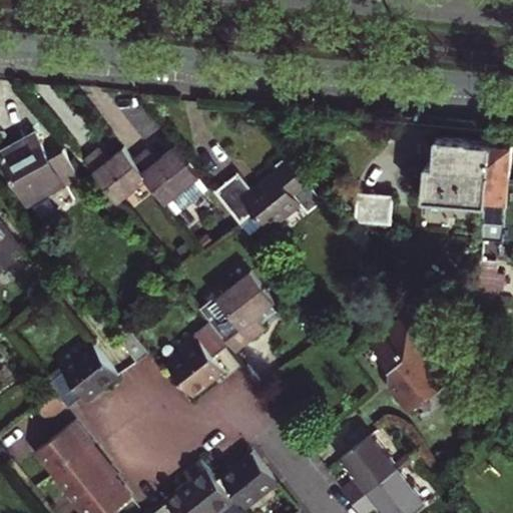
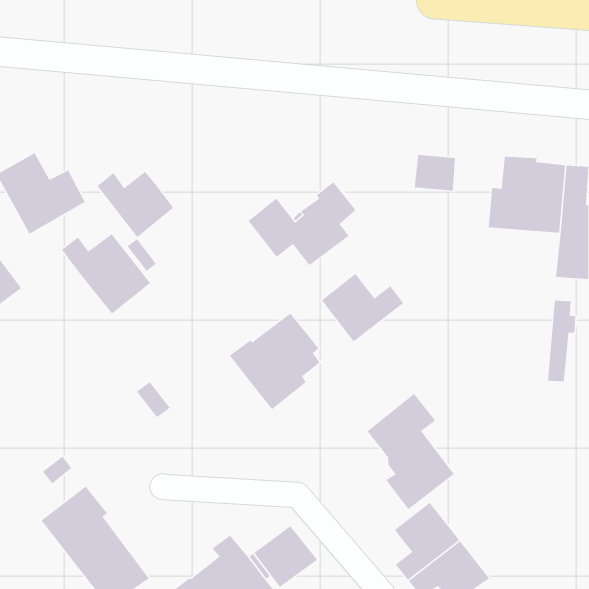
building: [134,148,212,218] -> [61,233,151,314]
building: [353,194,389,226] -> [414,154,456,191]
building: none -> [321,273,404,343]
building: [368,312,444,413] -> [367,393,455,510]
building: [166,325,226,398] -> none
building: [49,347,117,410] -> none

